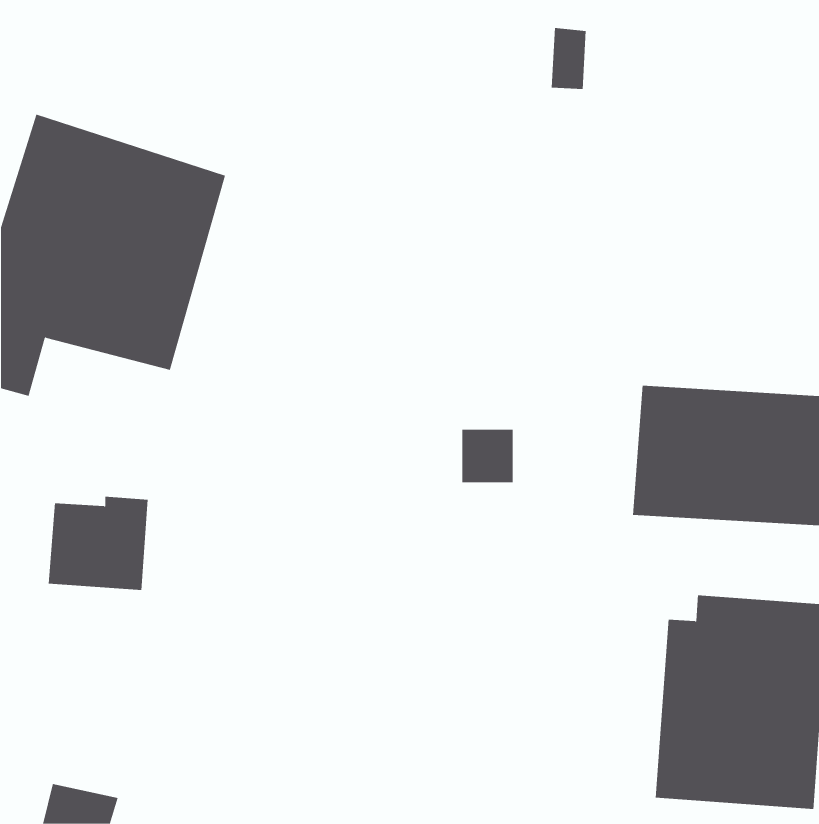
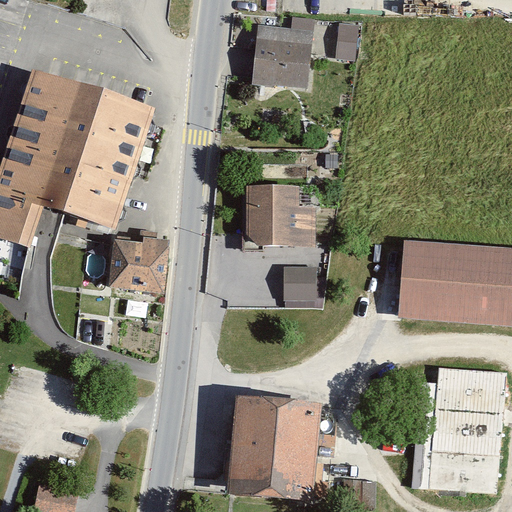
building: none -> [254,29,317,94]
building: none -> [248,180,320,244]
building: [48,496,149,590] -> [106,235,168,293]
building: none -> [220,393,318,502]

